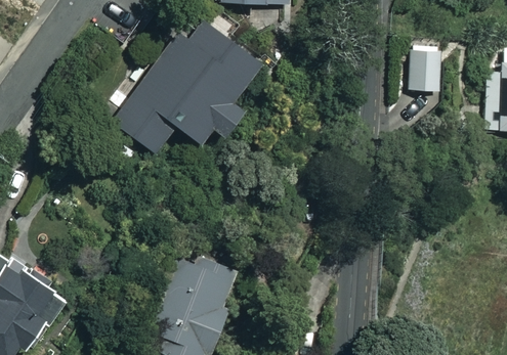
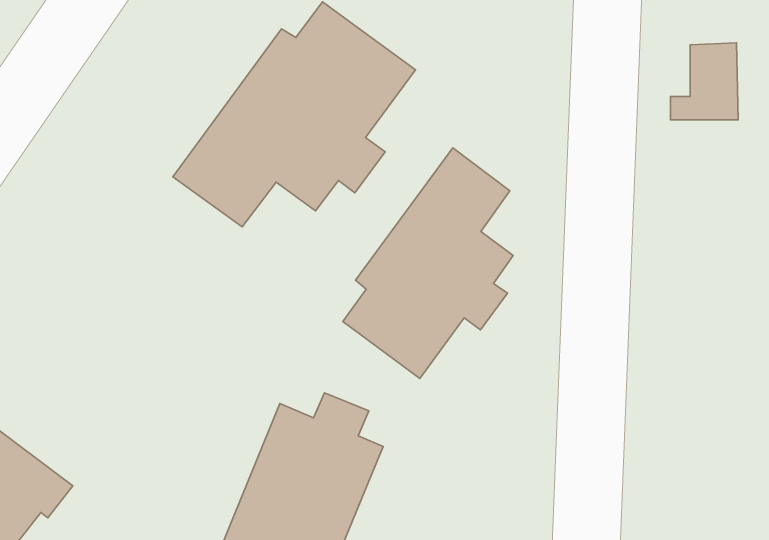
building: none -> [343,148,513,379]

